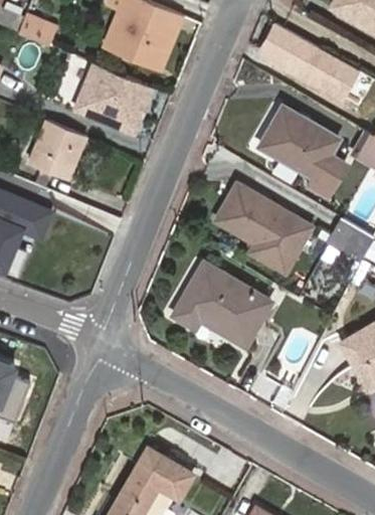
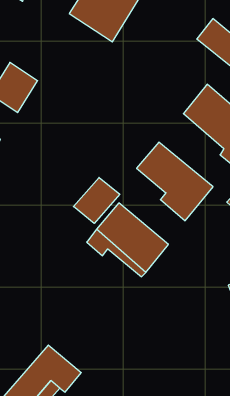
building: [73,63,152,135] -> none
building: none -> [73,177,120,223]

